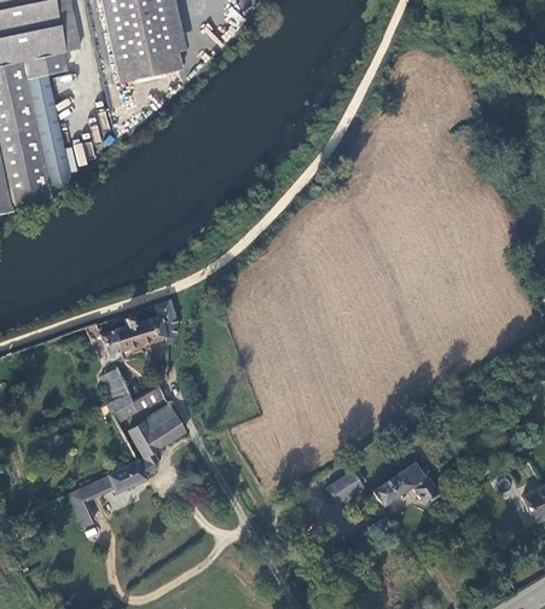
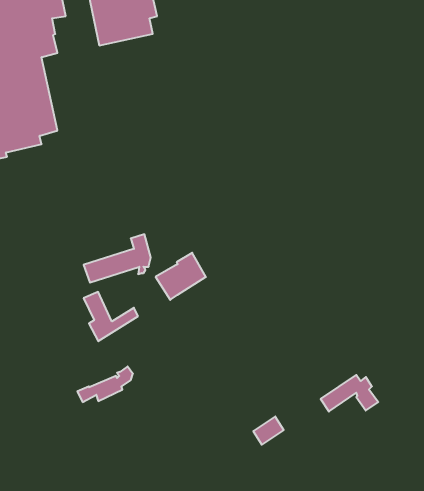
building: [124,405,182,459] -> [156,253,206,300]
building: [326,470,361,503] -> [253,416,284,445]
building: [69,485,98,527] -> none

